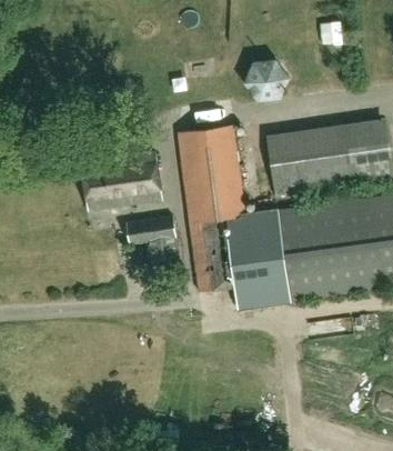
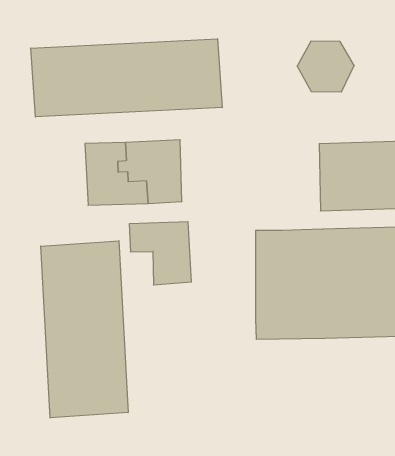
building: none -> [31,39,222,117]
building: [177,123,245,291] -> none
building: none -> [41,241,128,418]

